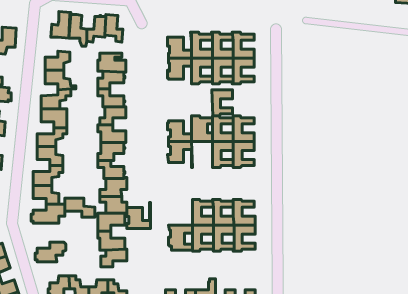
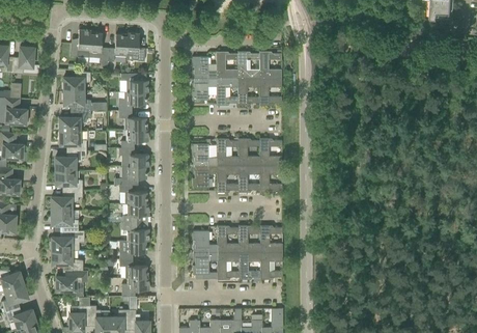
building: [212,90,233,116] -> [217,165,238,192]
building: [65,198,95,217] -> [52,250,83,270]
building: [127,203,151,228] -> [193,225,218,252]

